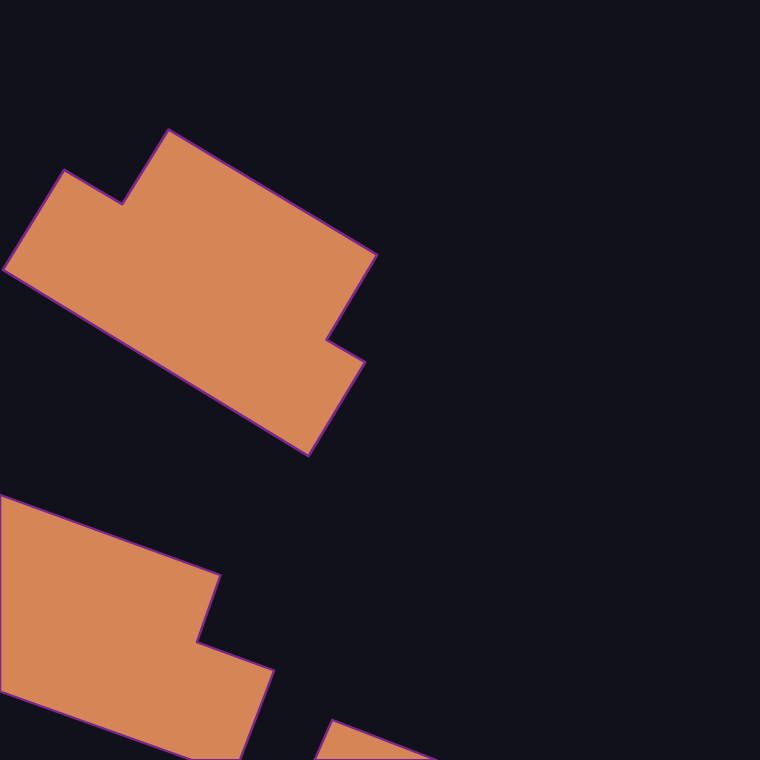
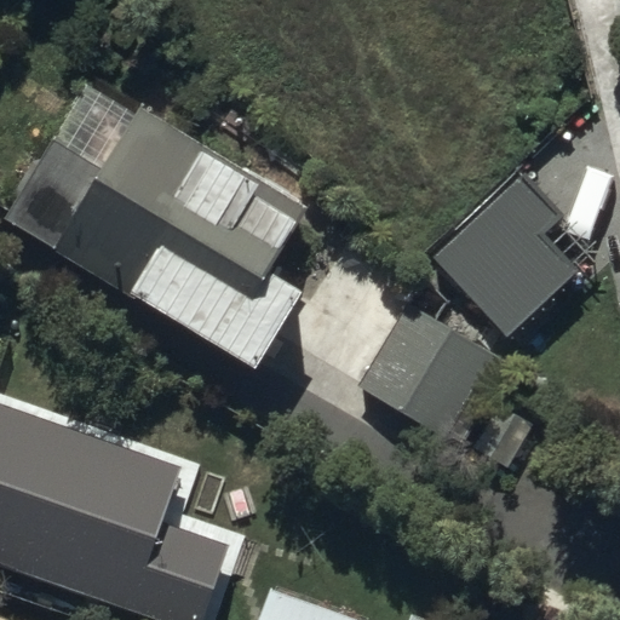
building: none -> [432,177,581,338]
building: none -> [357,306,489,436]

